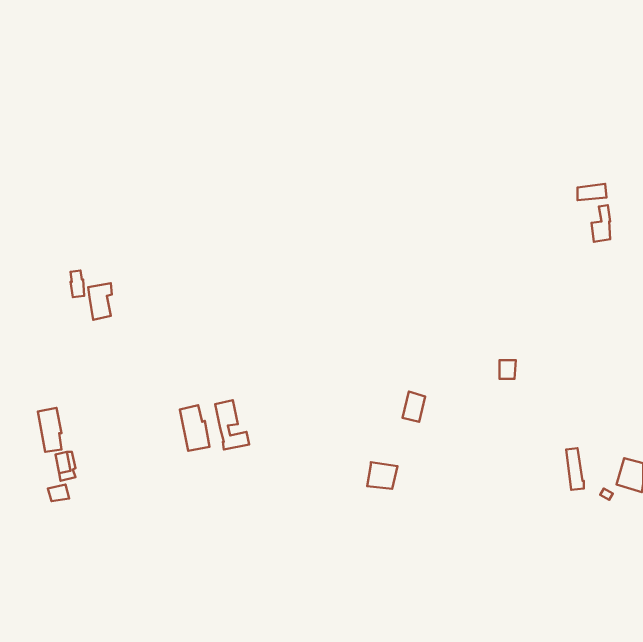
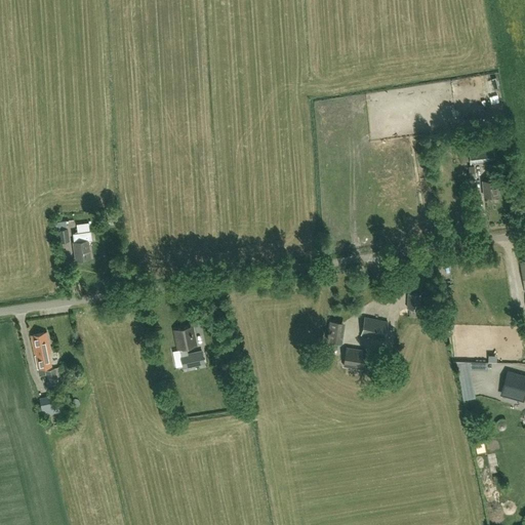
building: none -> [361,319,388,341]
building: [180,405,210,451] -> none
building: [367,462,397,489] -> [342,349,367,370]

